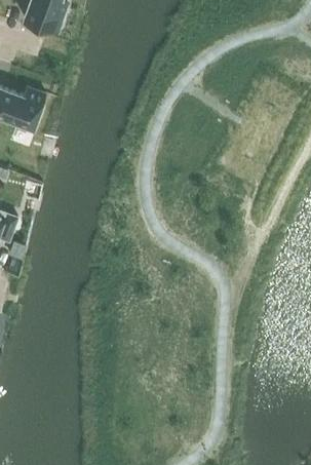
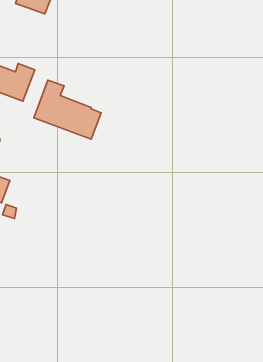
building: none -> [34,80,101,139]

